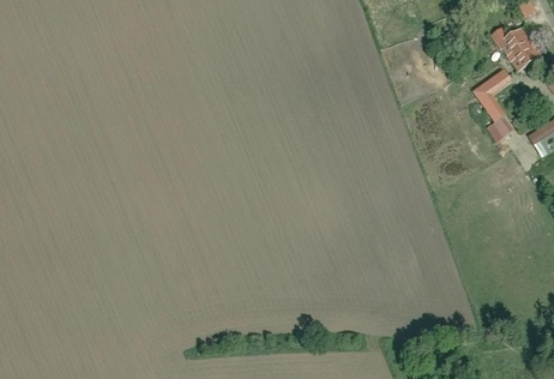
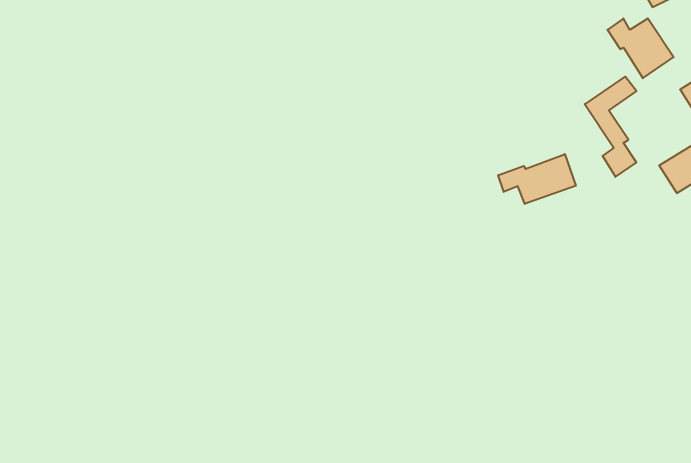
building: none -> [498,154,576,204]

